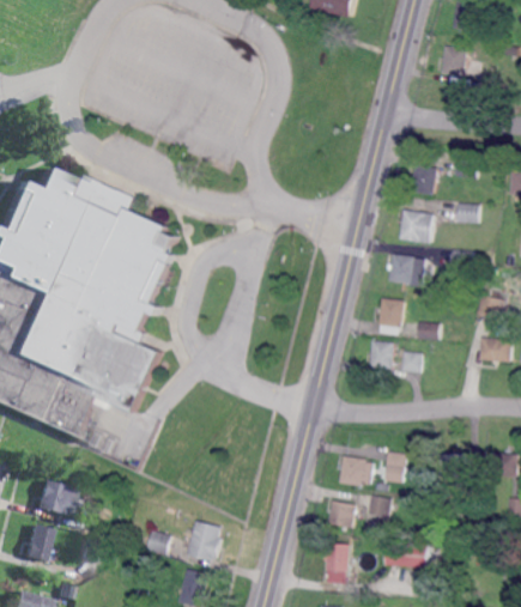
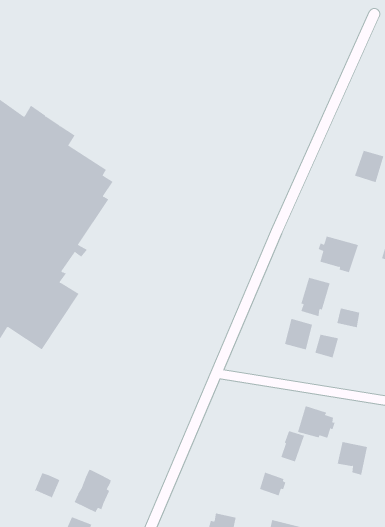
building: [401,210,435,242] -> none
building: [340,455,376,485] -> [297,405,335,438]
building: [329,499,357,527] -> none

